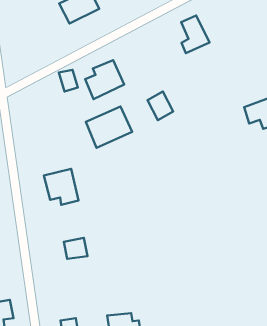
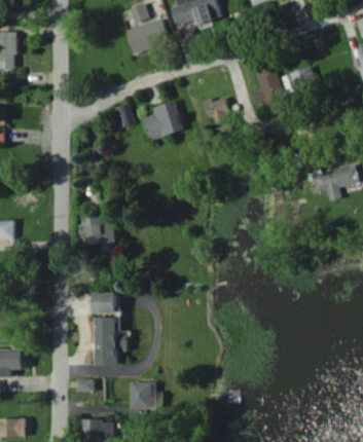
building: none -> [289,66,316,90]
building: [147,91,173,120] -> [205,96,231,126]
building: [86,106,132,148] -> none
building: none -> [95,317,125,365]

